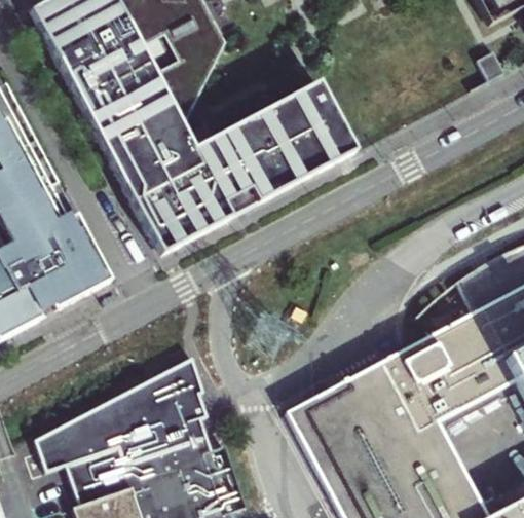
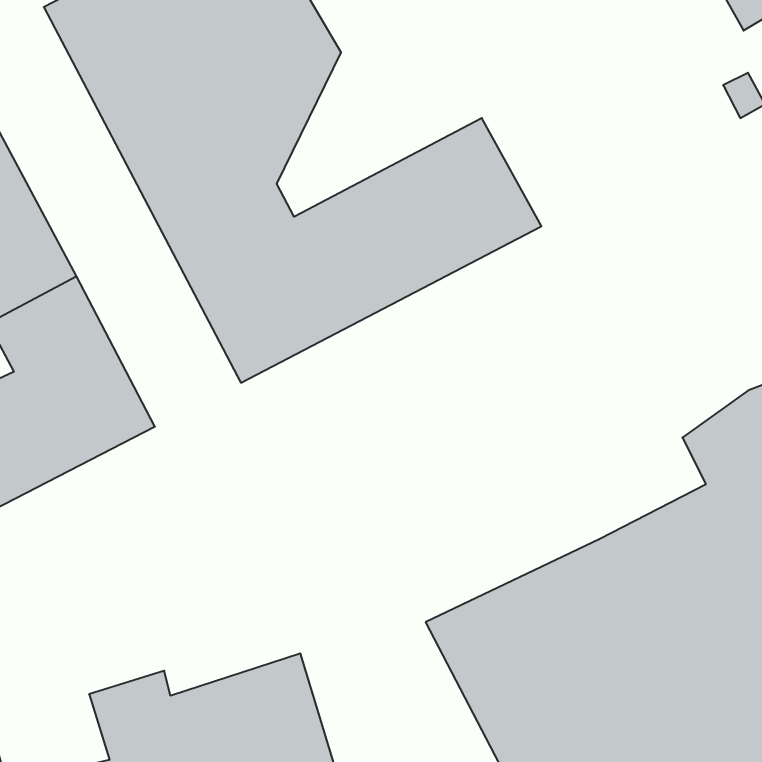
building: [37,348,203,464] -> none

